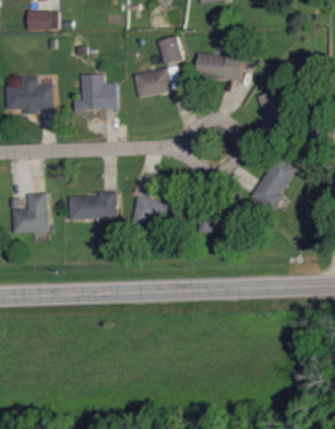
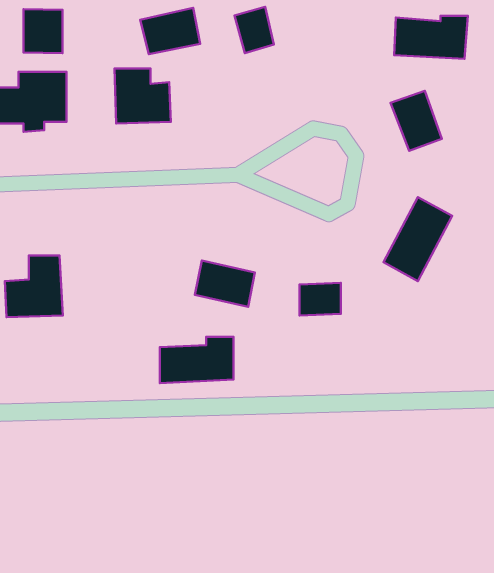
building: none -> [24,9,62,53]
building: [196,52,243,79] -> [394,16,468,59]
building: [133,69,171,98] -> [140,8,200,54]
building: [69,191,116,220] -> [160,337,233,383]

